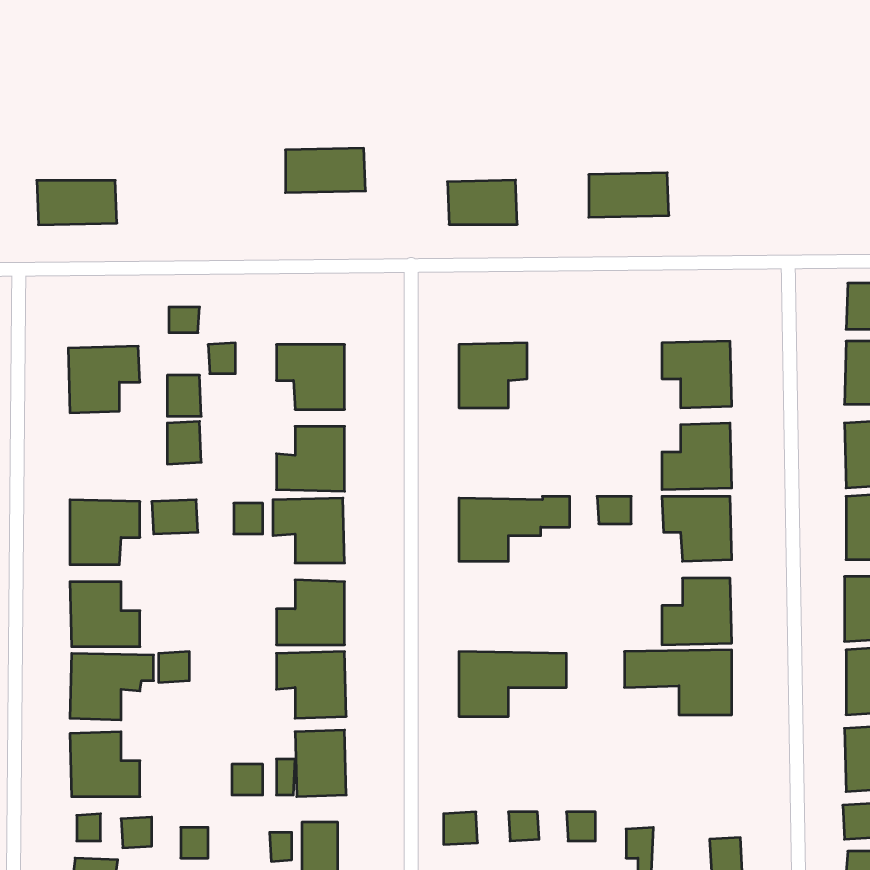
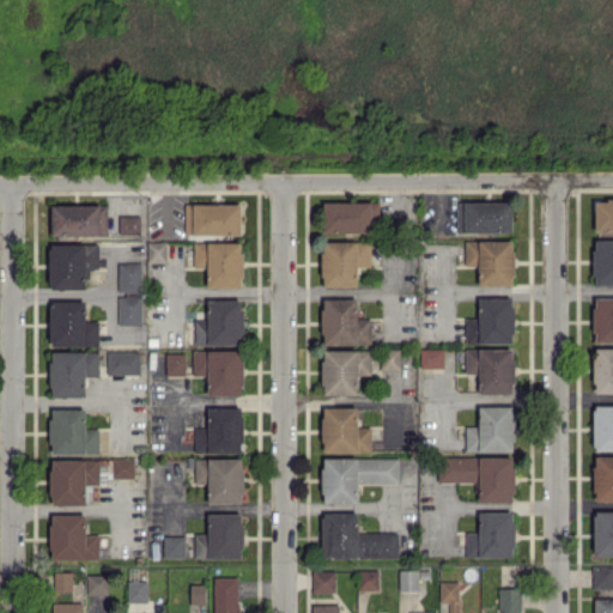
building: [285,148,366,193] -> [186,205,242,236]
building: [589,173,669,217] -> [457,202,514,233]
building: [447,180,517,224] -> [324,202,374,233]
building: [37,180,117,225] -> [51,206,108,237]
building: none -> [323,299,372,345]
building: none -> [50,302,99,347]
building: none -> [323,408,372,454]
building: none -> [466,512,515,559]
building: none -> [322,514,399,559]

